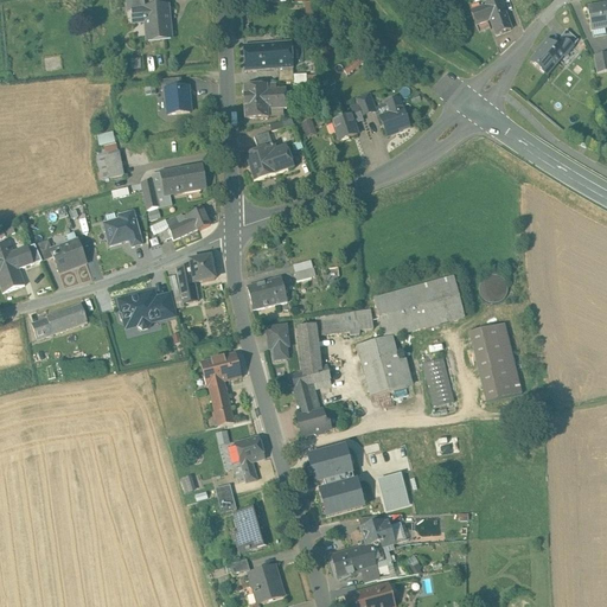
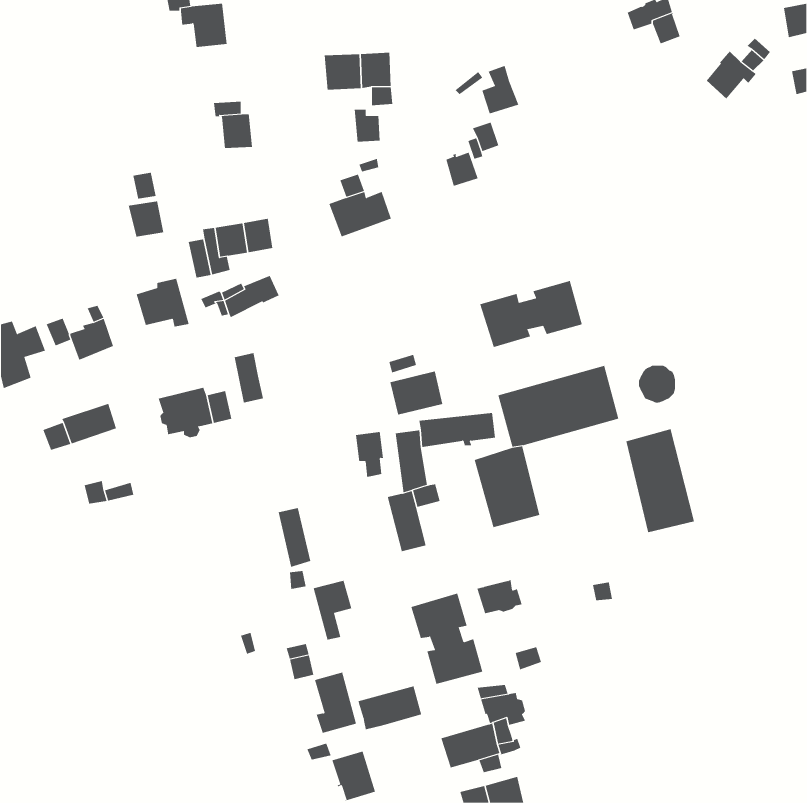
building: [243,82,268,116] -> none
building: [381,96,409,133] -> [481,65,519,114]
building: none -> [480,280,583,348]
building: [190,255,216,282] -> none
building: [247,275,287,308] -> [390,371,443,415]
building: [200,352,241,385] -> none
building: [422,356,454,404] -> none
building: [296,408,331,434] -> [477,579,522,614]
building: none -> [357,686,422,730]

